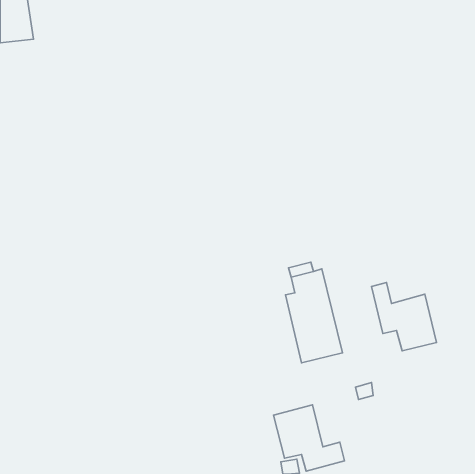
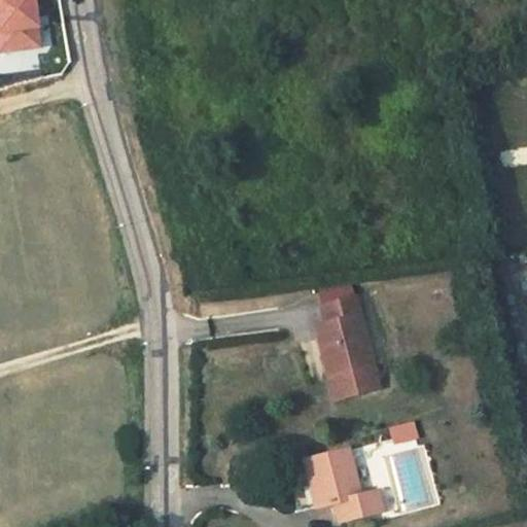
building: [372,283,437,351] -> none

